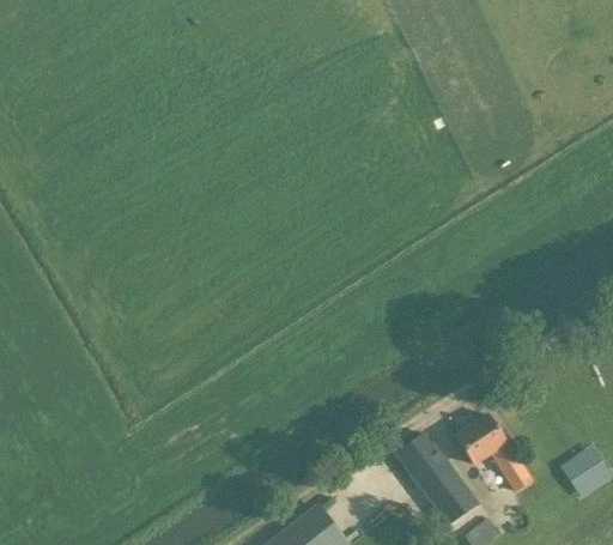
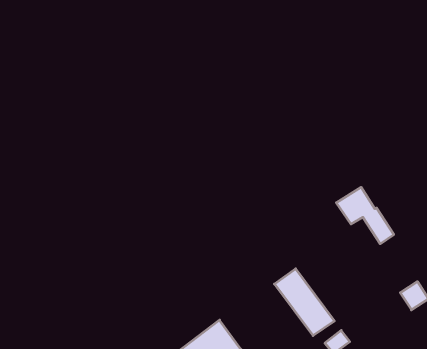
building: [454,414,534,493] -> [336,187,394,244]

